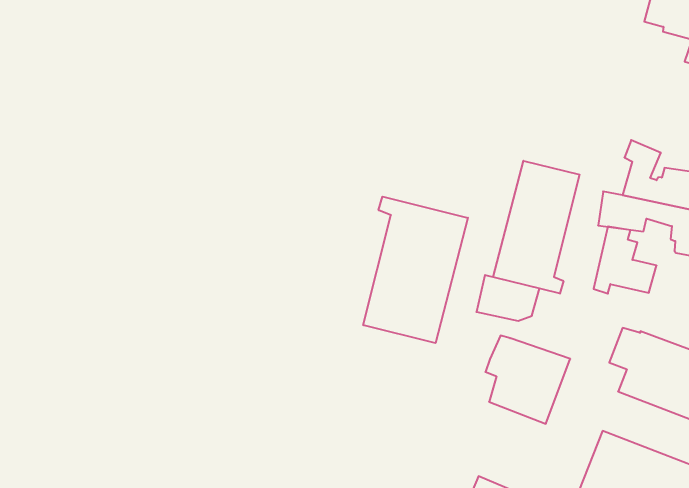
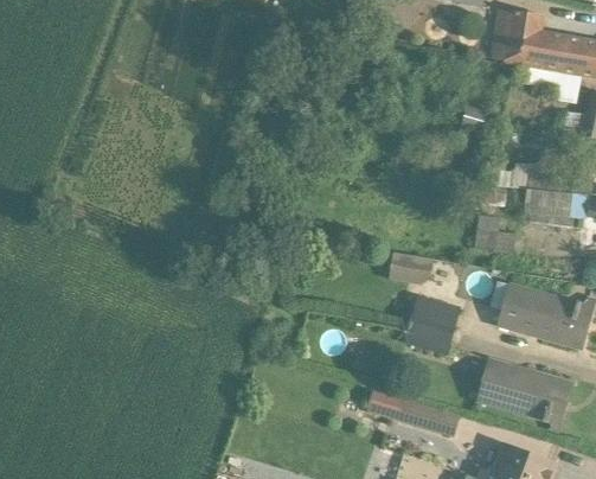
building: [493,161,580,294] -> none
building: [363,197,468,343] -> none

